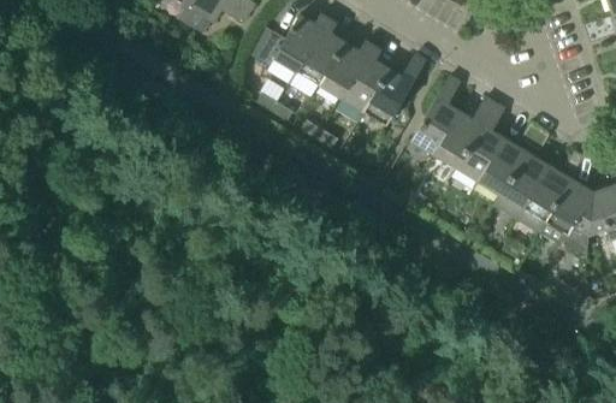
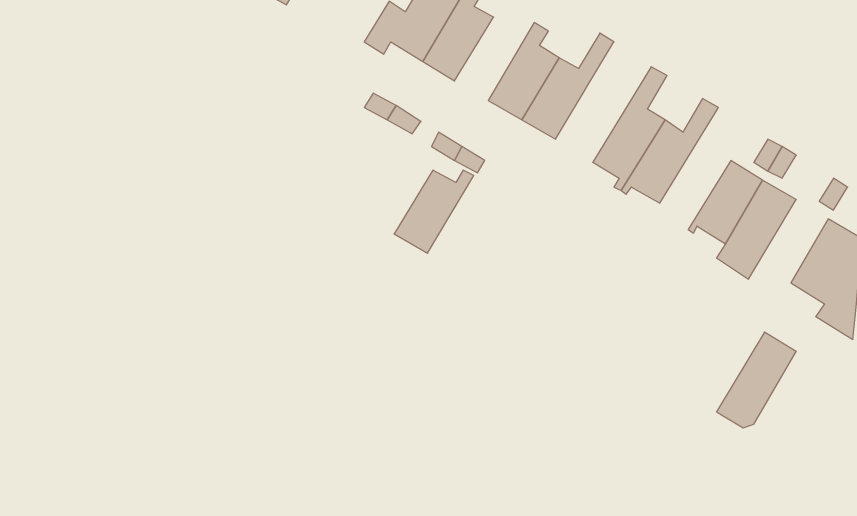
building: [318,41,372,97] -> [394,170,474,253]
building: [457,102,507,185] -> none
building: [517,165,571,230] -> [717,332,796,428]

